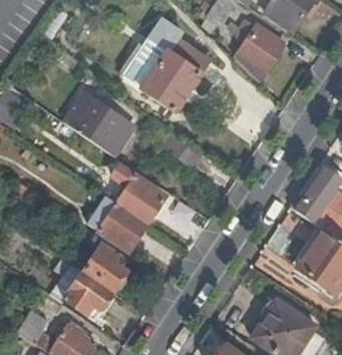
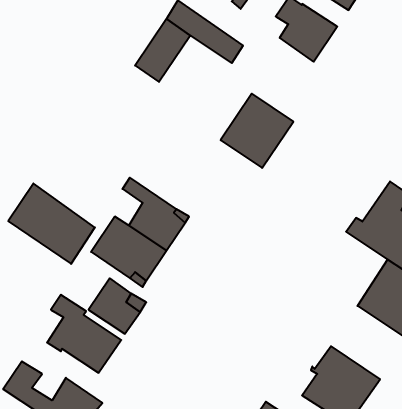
building: [141,50,200,109] -> [221,94,293,168]
building: [64,91,133,155] -> [8,183,95,264]

